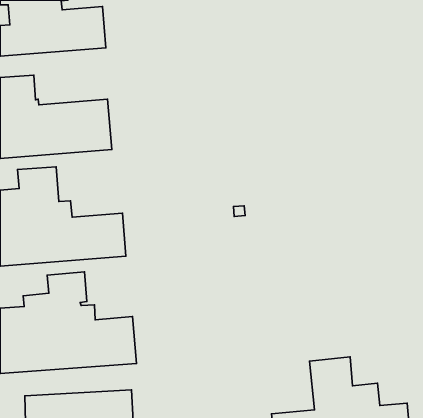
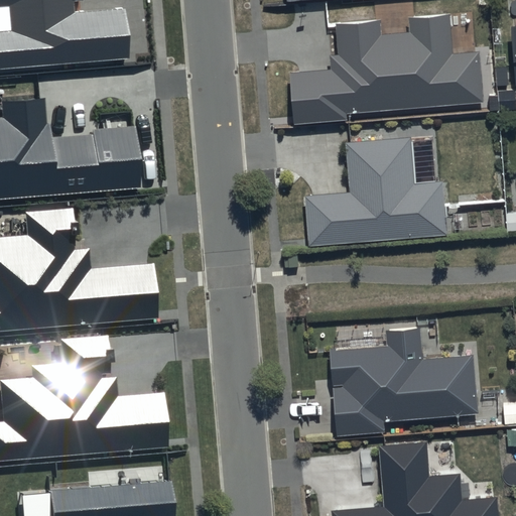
building: none -> [290,12,483,123]
building: none -> [304,137,447,246]
building: none -> [330,329,479,435]

